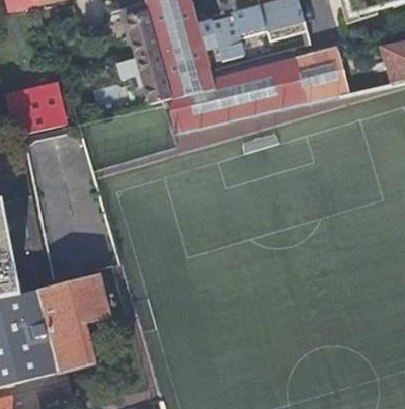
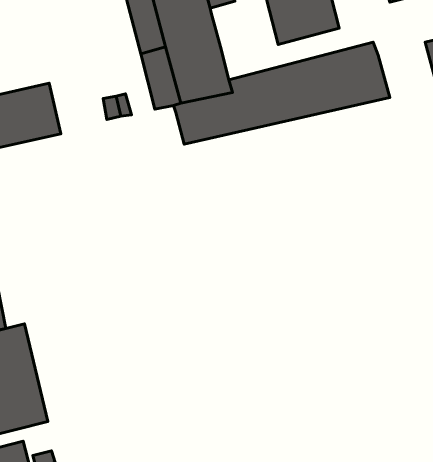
building: [196,15,243,61] -> none
building: [35,273,110,373] -> none

